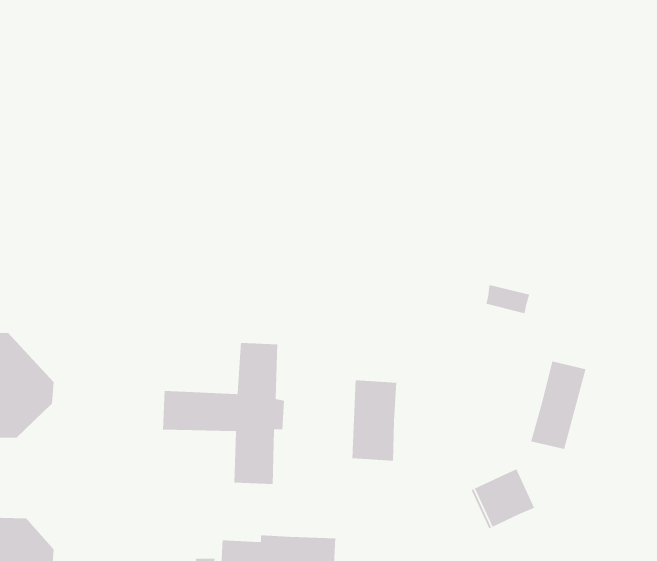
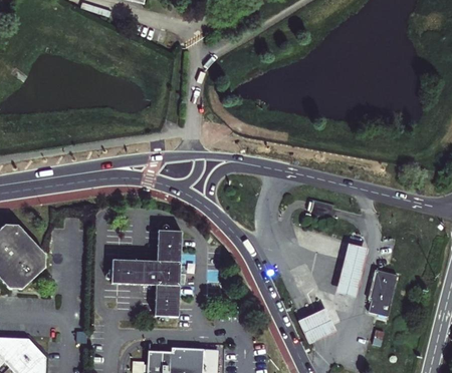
building: [352,380,397,461] -> none
building: none -> [368,269,397,316]

